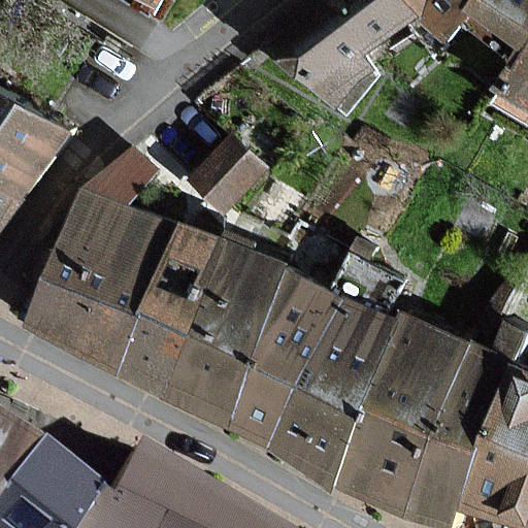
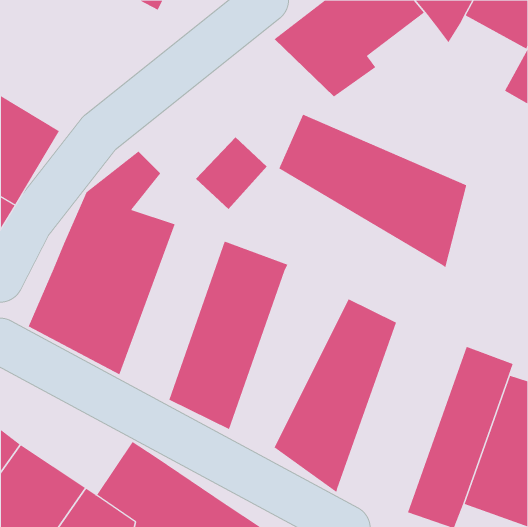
building: none -> [278,114,467,268]
building: [120,225,224,400] -> none
building: [229,271,348,448] -> none
building: [337,323,465,513] -> none

